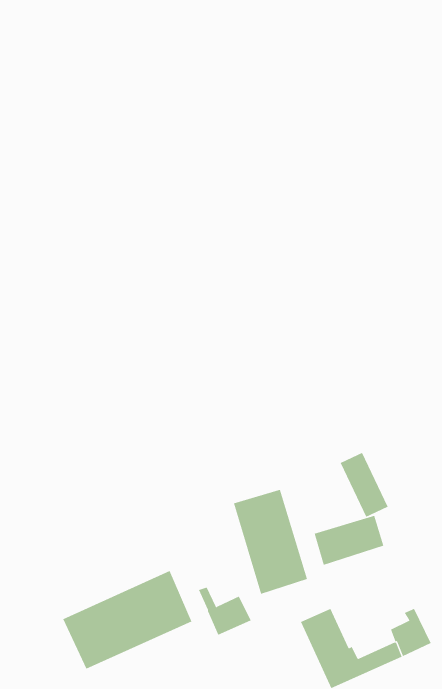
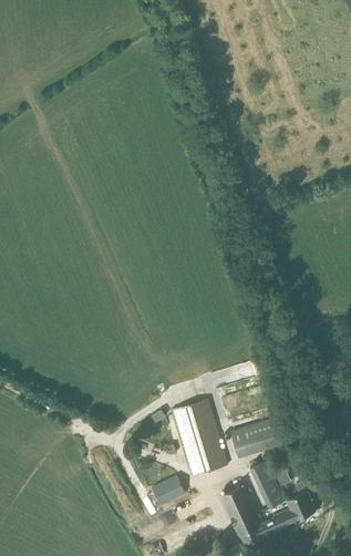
building: [340,452,389,518] -> [250,460,286,507]
building: [63,570,192,670] -> none

